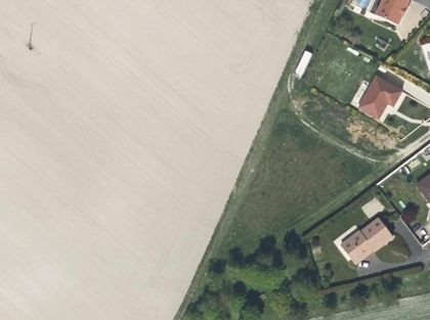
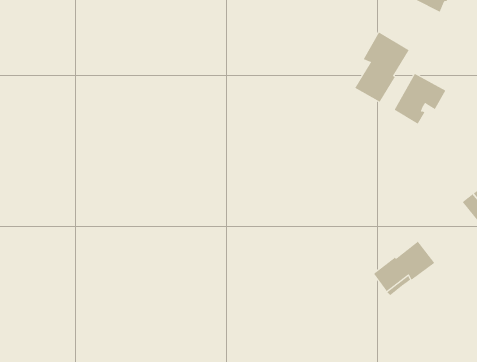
building: none -> [355,31,409,102]

